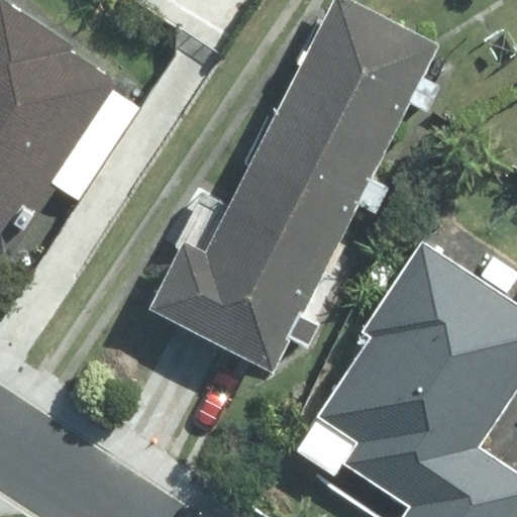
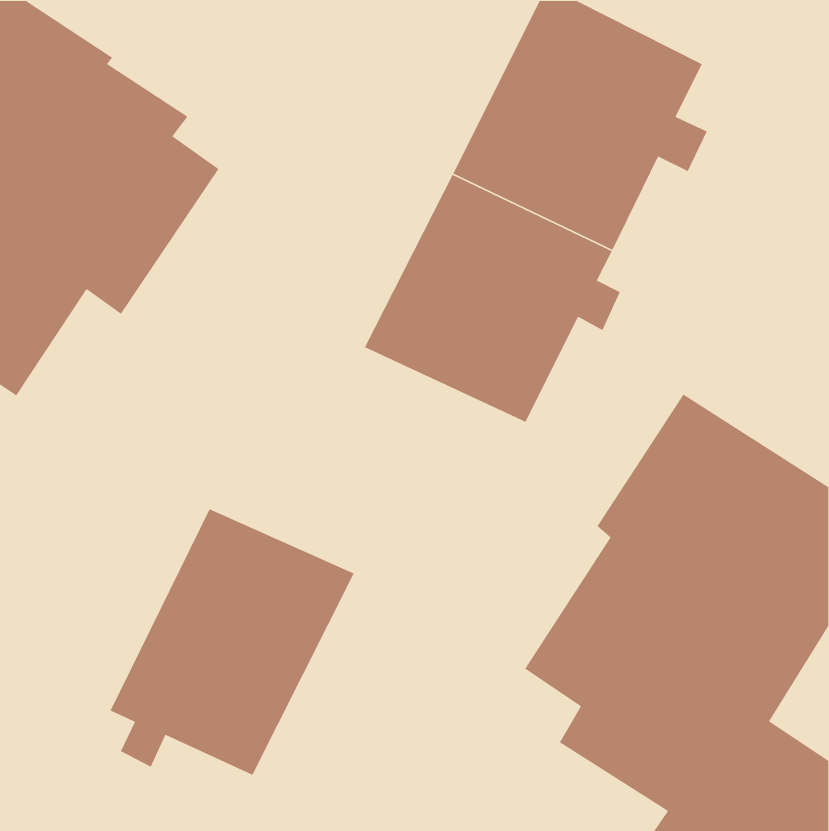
building: [152,218,324,369] -> none
building: none -> [109,508,355,776]

